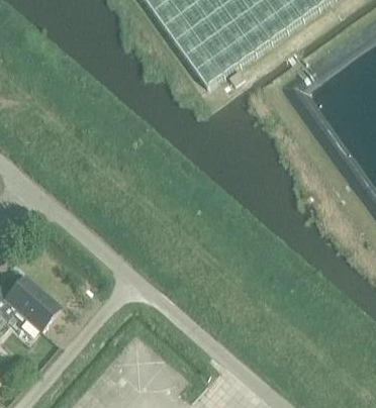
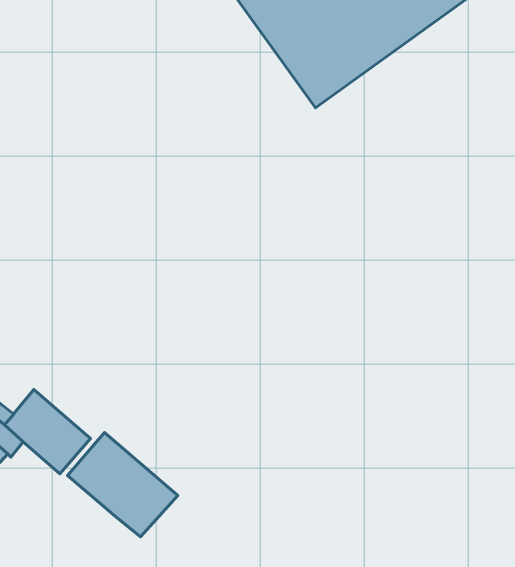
building: none -> [68,432,178,537]

